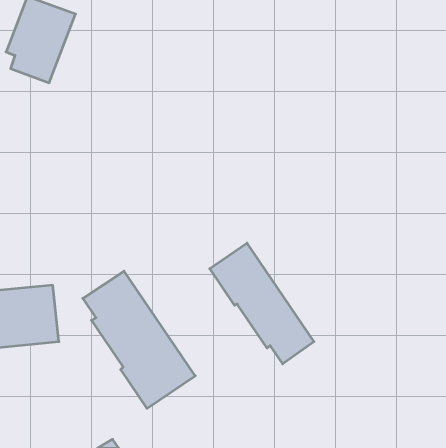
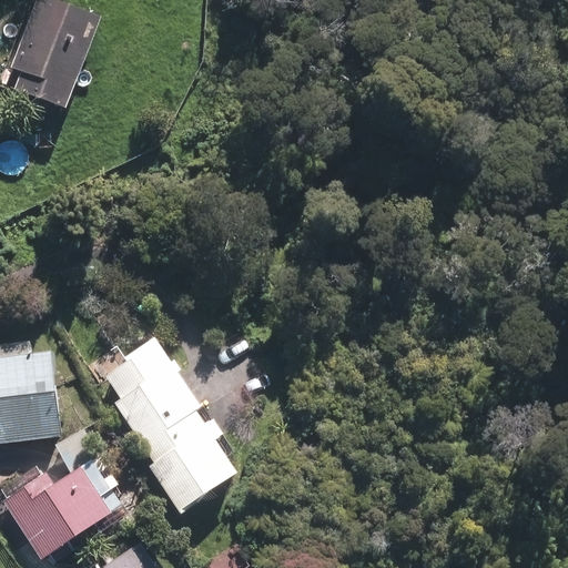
building: [210,243,314,364] -> none
building: none -> [7,462,100,551]

